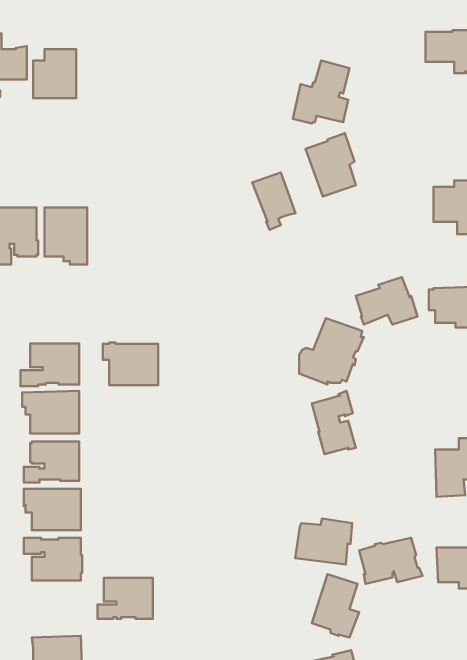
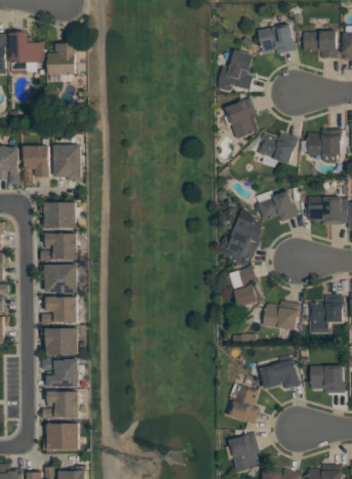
building: none -> [257,24,295,54]
building: [252,172,296,230] -> none
building: none -> [257,133,297,164]
building: [103,342,158,385] -> [40,201,76,229]
building: [295,519,352,564] -> [262,301,299,330]
building: [97,578,153,619] -> [42,392,78,418]

